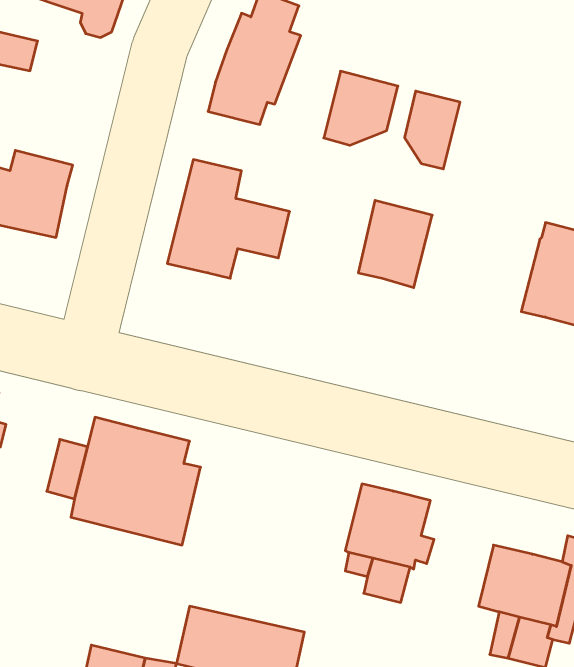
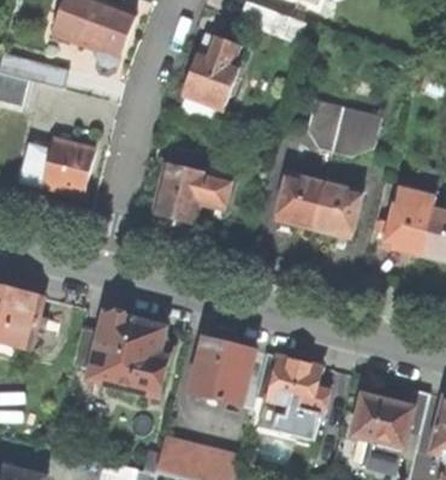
building: [324,71,398,145] -> [331,107,379,155]
building: none -> [311,180,361,236]
building: none -> [191,336,256,404]

